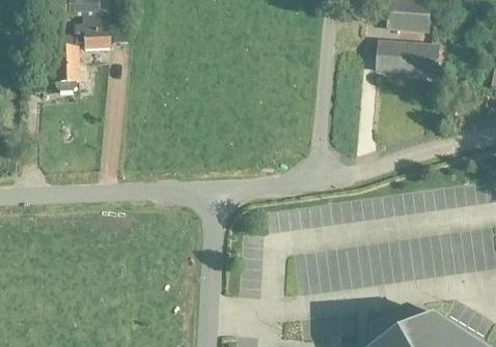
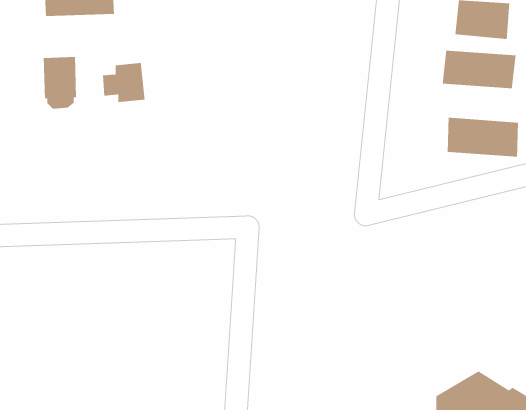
building: [76,16,111,49] -> [102,62,145,103]
building: none -> [447,117,519,158]

